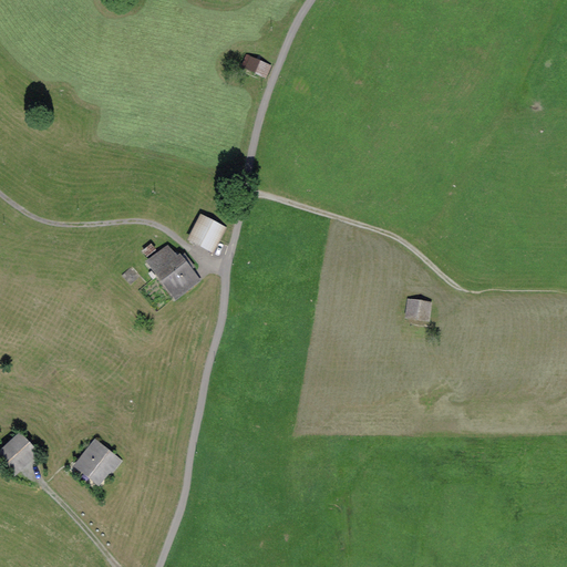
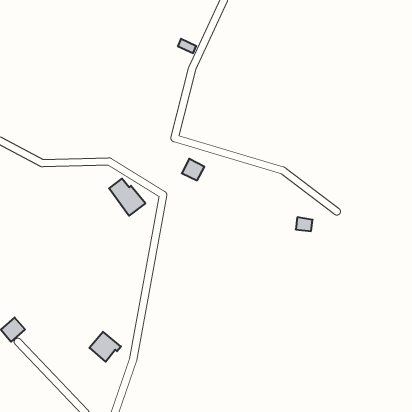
building: [192,217,223,247] -> [182,159,204,180]
building: [76,441,120,482] -> [89,332,121,362]

